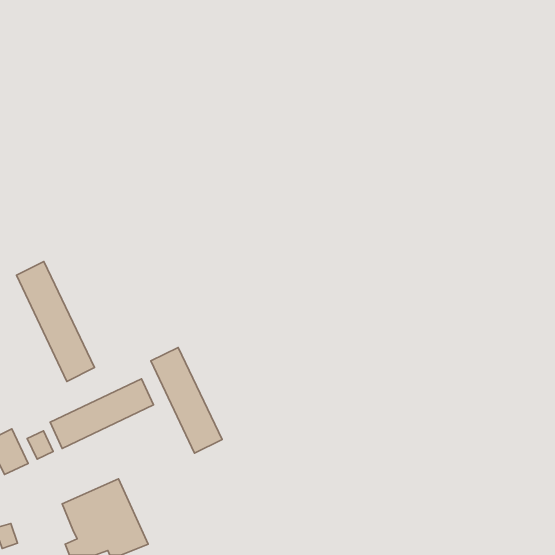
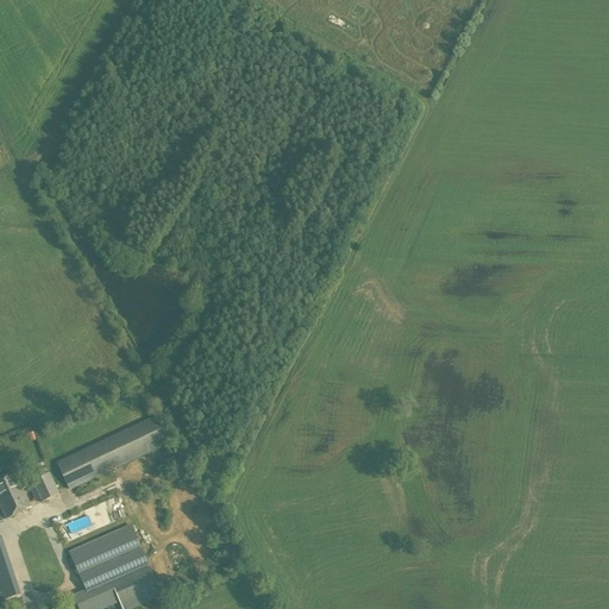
building: [16,261,95,381] -> none
building: [151,347,222,453] -> none

